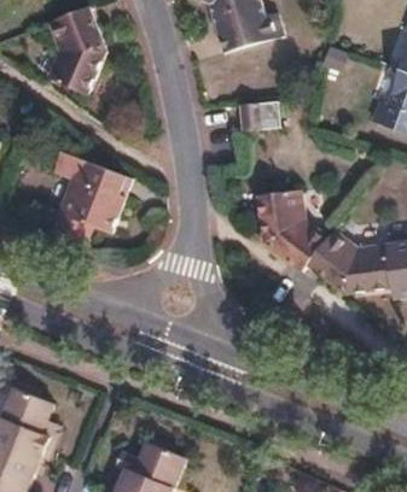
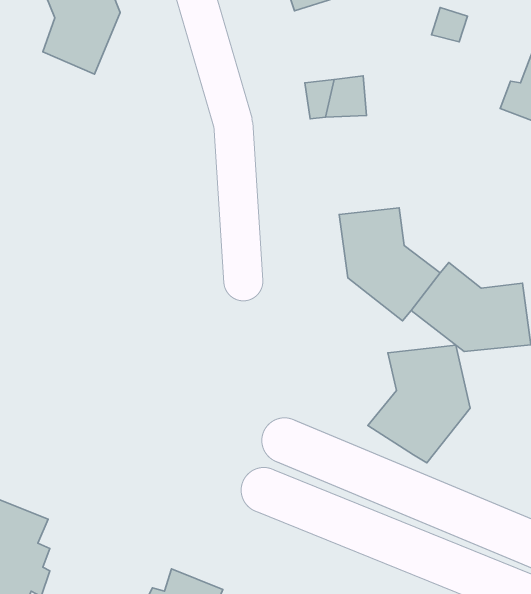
building: [48,159,127,246] -> none
building: none -> [368,345,470,463]

